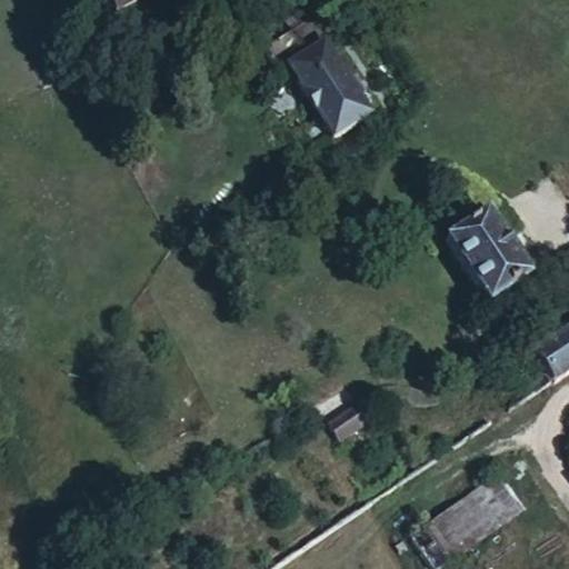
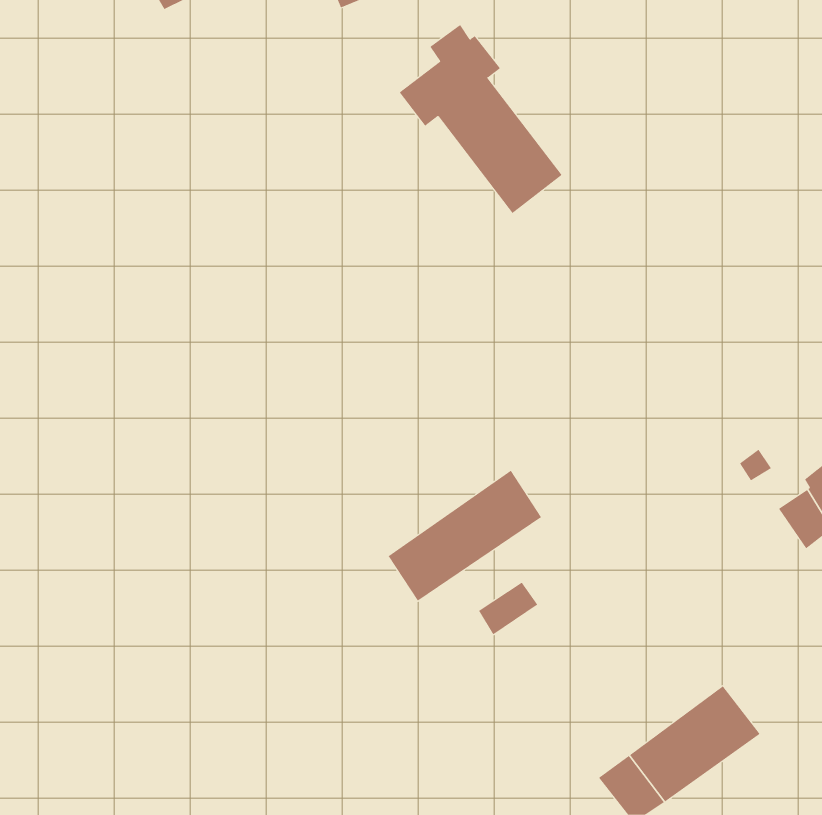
building: [450,208,533,299] -> none
building: none -> [388,470,542,601]

